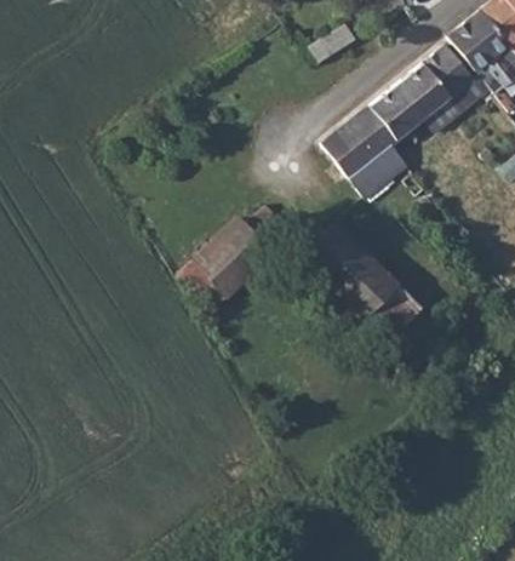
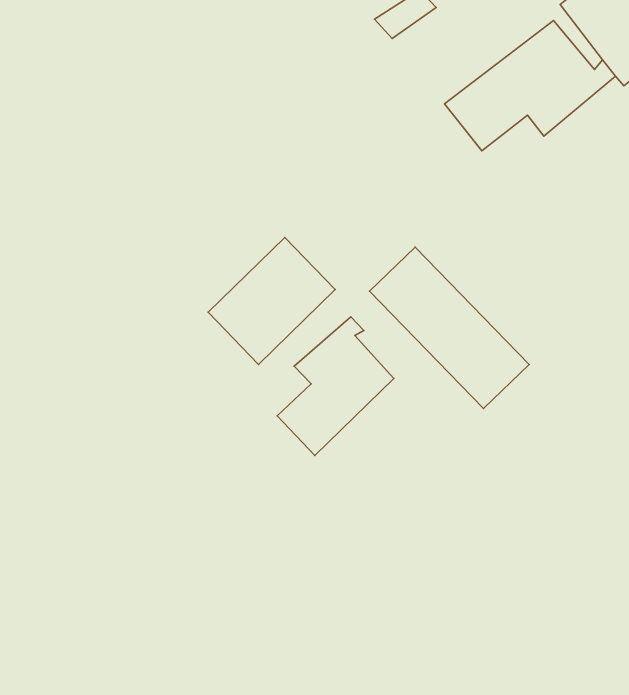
building: [320,110,406,200] -> none
building: none -> [277,317,394,456]

